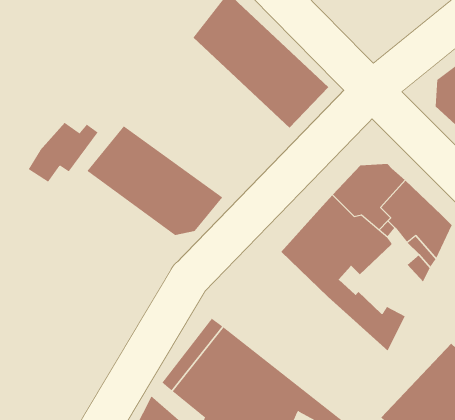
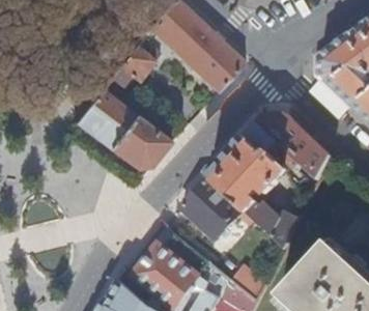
building: [28,122,98,182] -> [107,45,157,87]
building: none -> [180,178,242,241]

